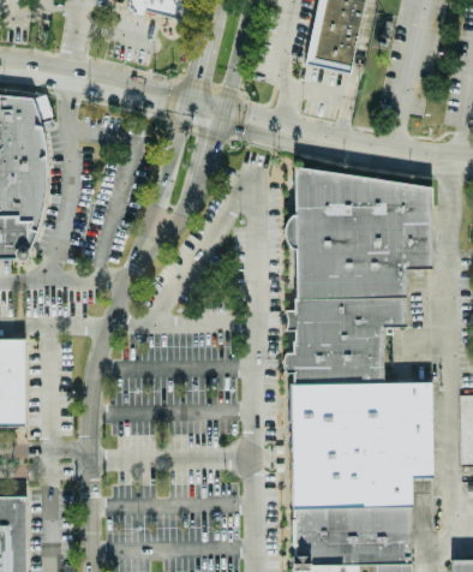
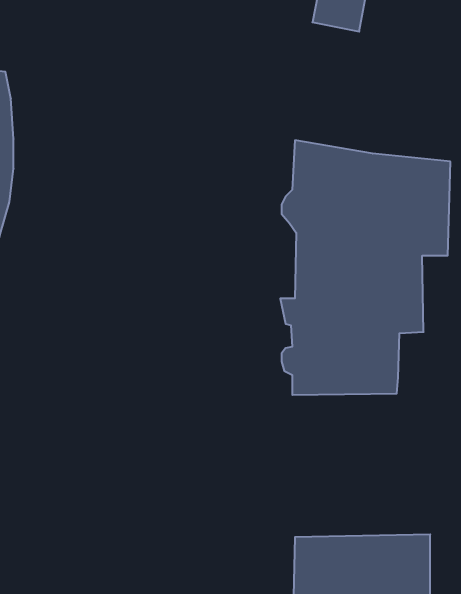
building: [289,385,435,512] -> none

